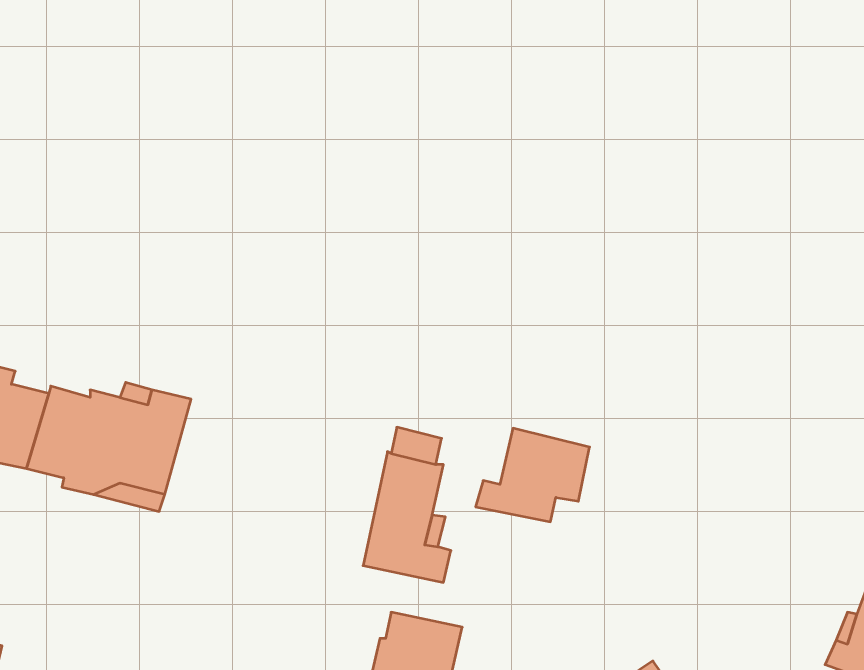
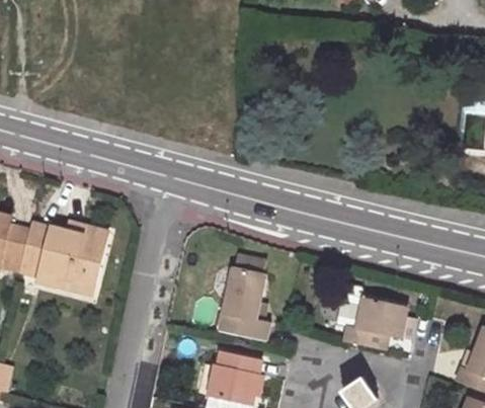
building: [476,428,590,522] -> [341,298,403,348]

